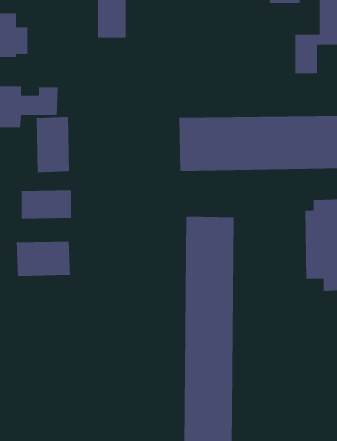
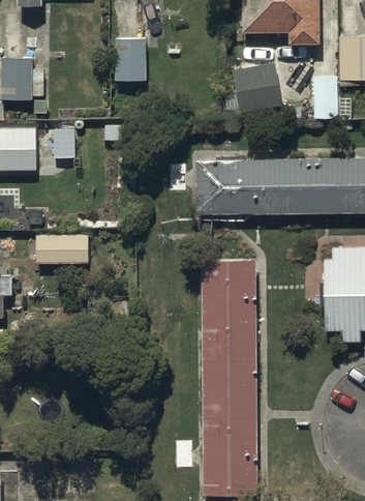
building: none -> [231,61,282,113]
building: [36,116,70,173] -> none
building: [16,241,71,277] -> none

